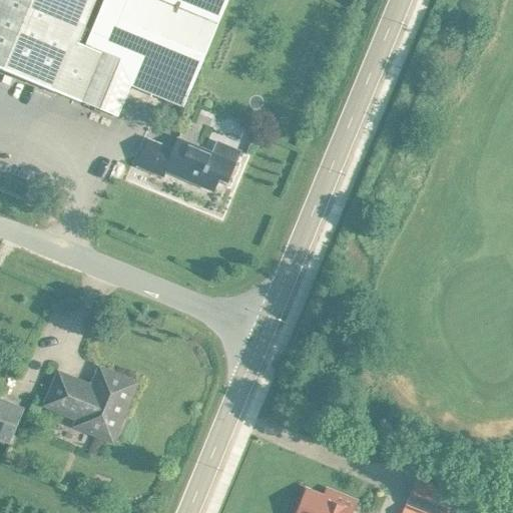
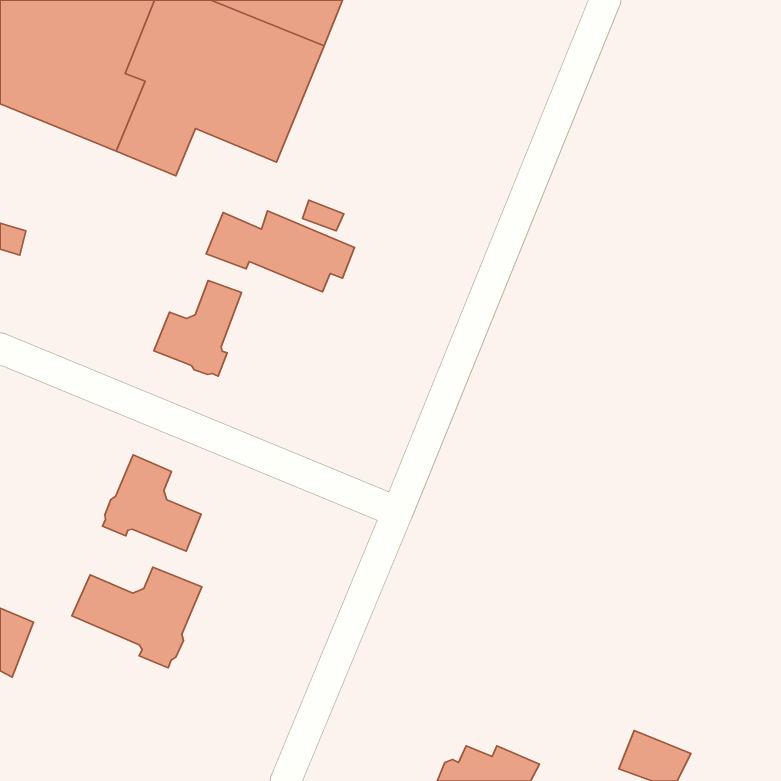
building: none -> [154,280,242,376]
building: none -> [103,455,201,551]

